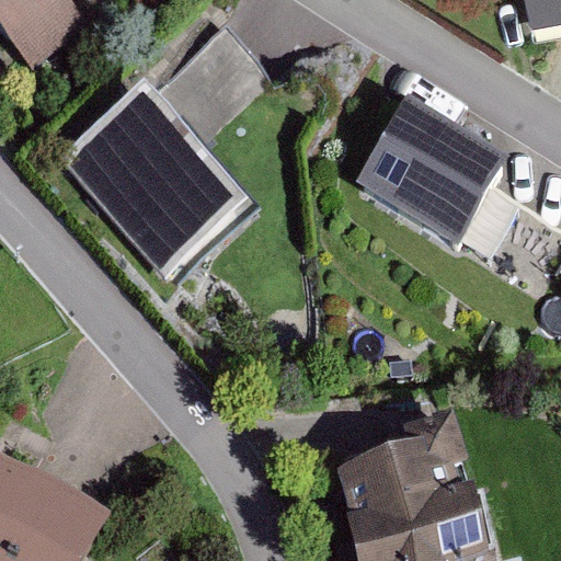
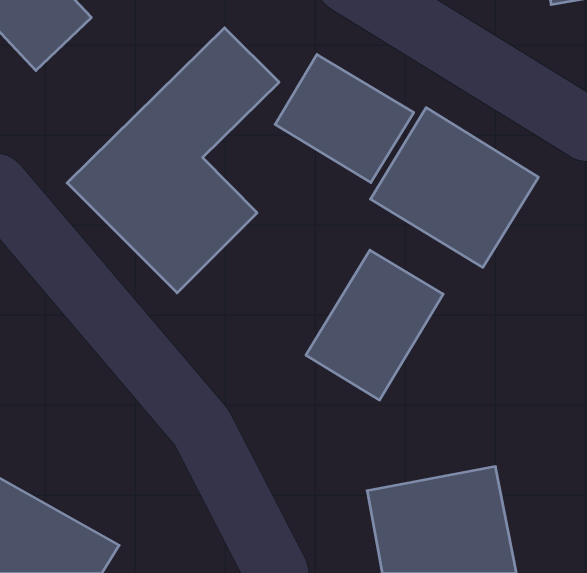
building: none -> [275,54,414,183]
building: none -> [306,250,443,400]

